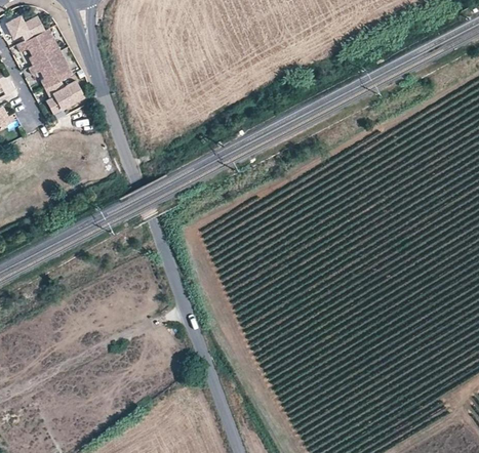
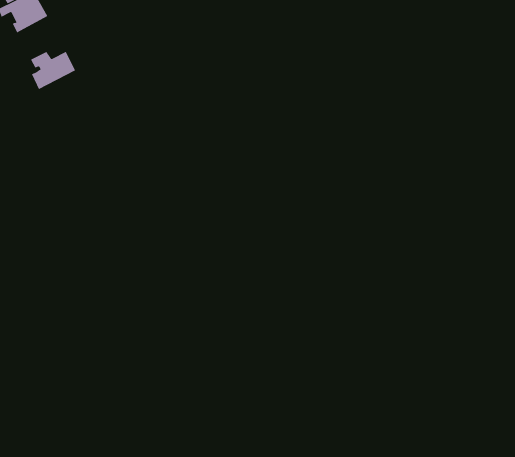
building: [29,51,72,88] -> none

